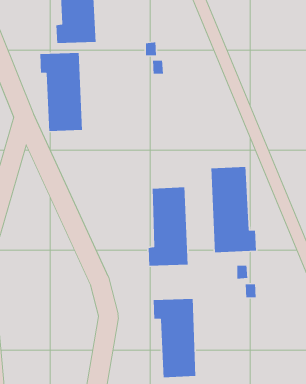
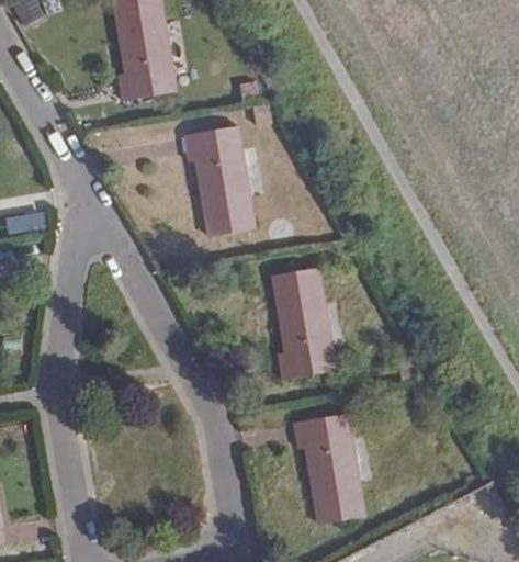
building: [39,52,83,132] -> [184,125,255,236]
building: [210,166,257,253] -> none

